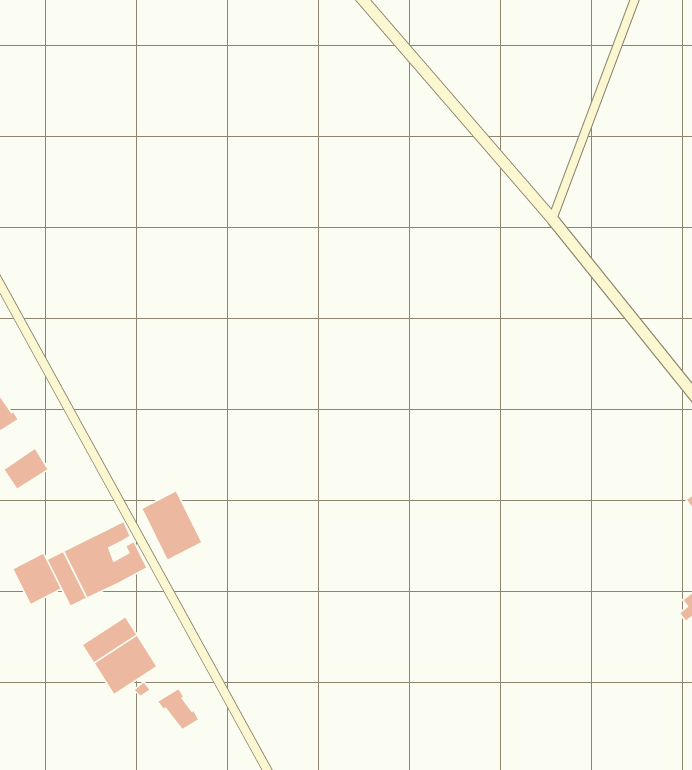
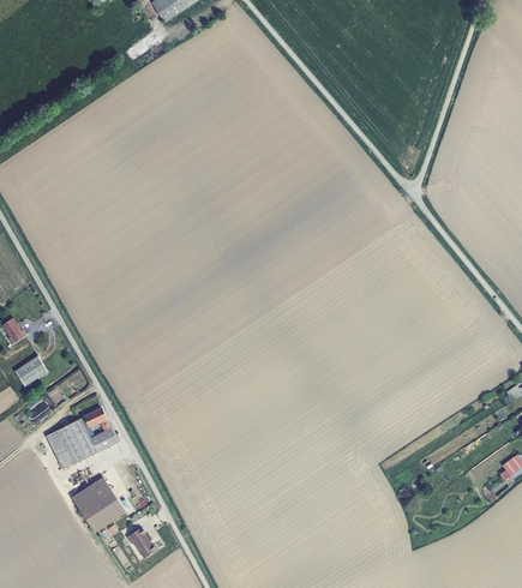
building: [141,490,202,560] -> none
building: [13,553,62,605] -> none

